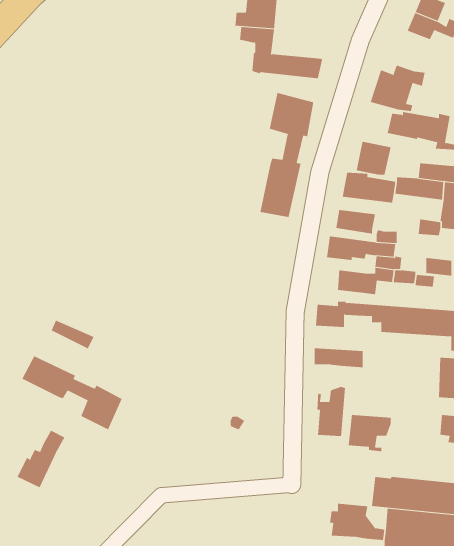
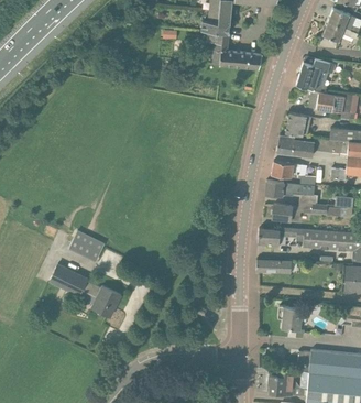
building: [260,92,314,218] -> none
building: [317,386,345,437] -> none
building: [17,430,65,488] -> none

